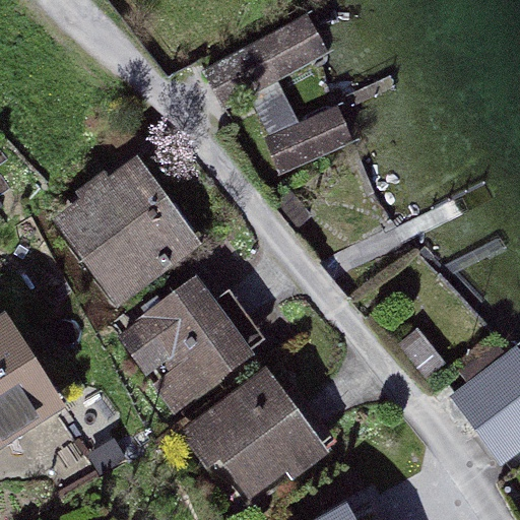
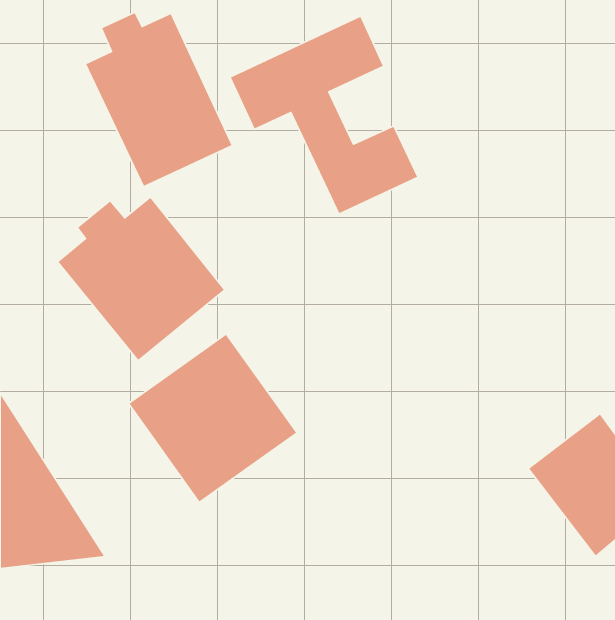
building: none -> [85,12,233,187]
building: [181,368,328,496] -> none

